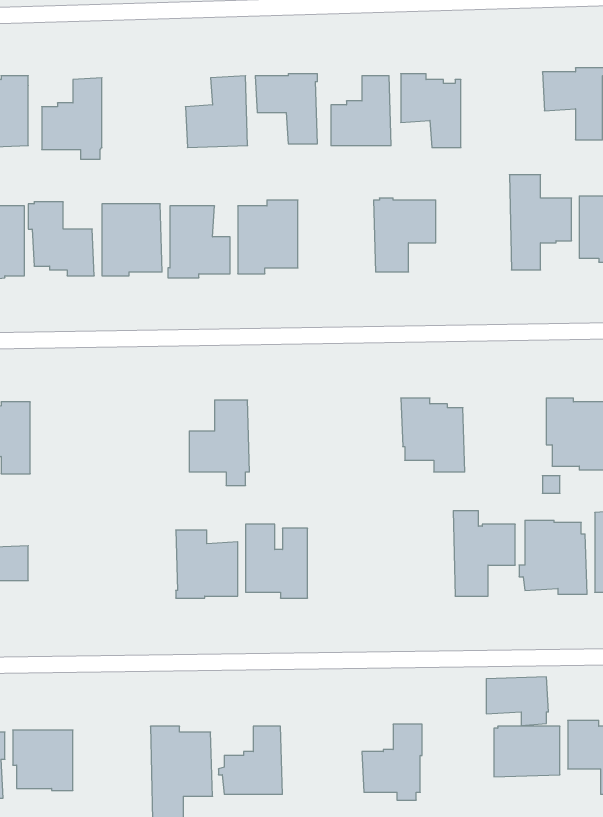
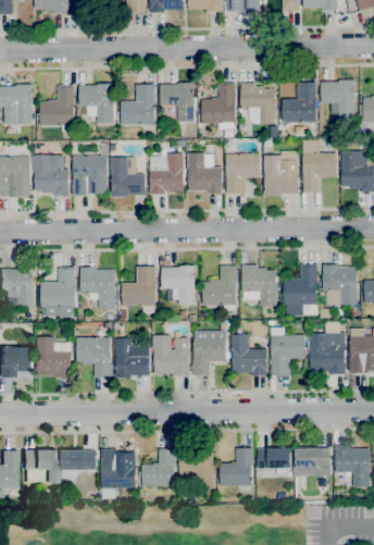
building: none -> [79,83,113,122]
building: none -> [283,83,317,122]
building: none -> [188,153,223,194]
building: none -> [264,154,299,195]
building: none -> [284,264,317,315]
building: none -> [162,265,196,305]
building: none -> [202,265,237,310]
building: none -> [80,267,115,308]
building: none -> [37,268,75,319]
building: none -> [232,334,267,375]
building: none -> [37,336,73,377]
building: none -> [77,336,112,377]
building: none -> [194,337,226,375]
building: [486,677,548,725] -> [258,448,292,475]
building: none -> [179,447,215,488]
building: none -> [62,449,97,470]

